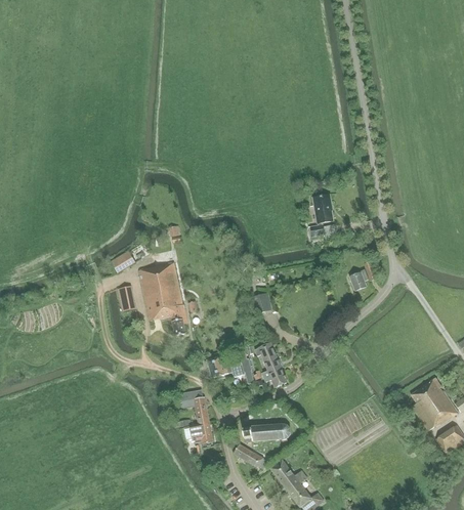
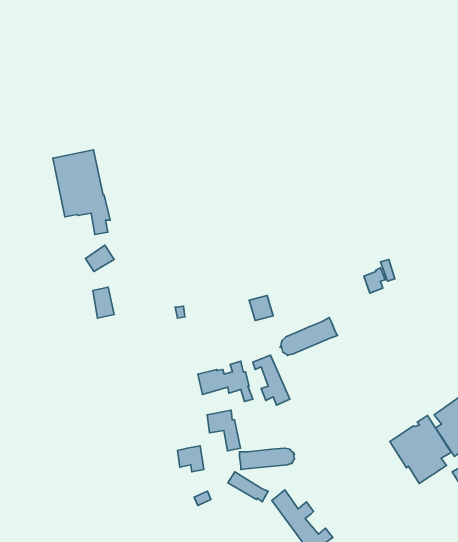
building: [310,194,332,236] -> none
building: [138,262,187,335] -> [53,150,110,235]
building: none -> [280,318,337,356]
building: [180,388,209,423] -> [207,410,241,451]
building: none -> [390,415,451,484]

